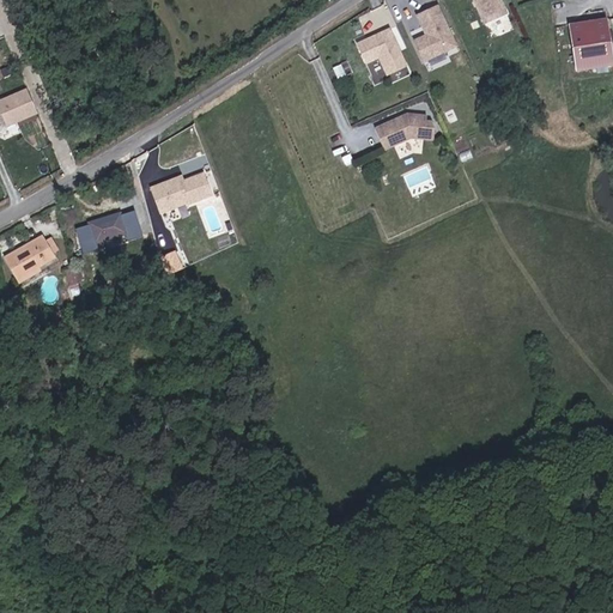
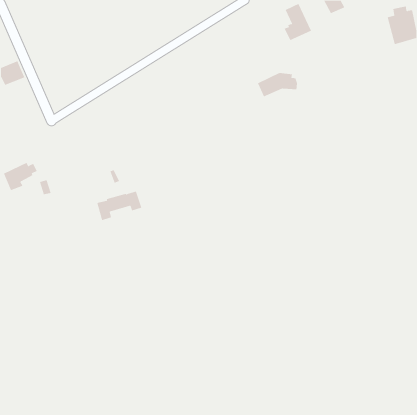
building: [357,30,405,75] -> none
building: [152,171,212,210] -> none
building: [77,214,144,259] -> [96,191,142,221]

